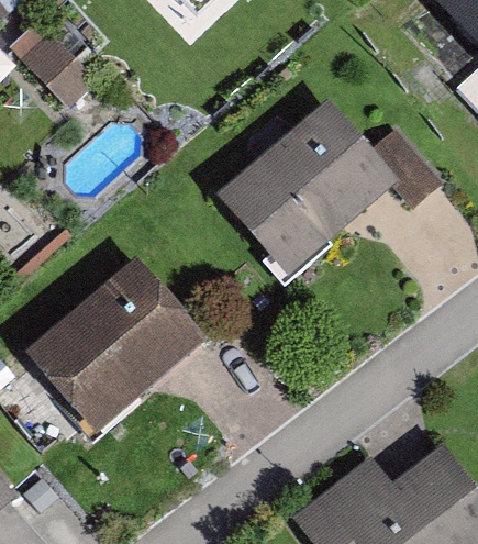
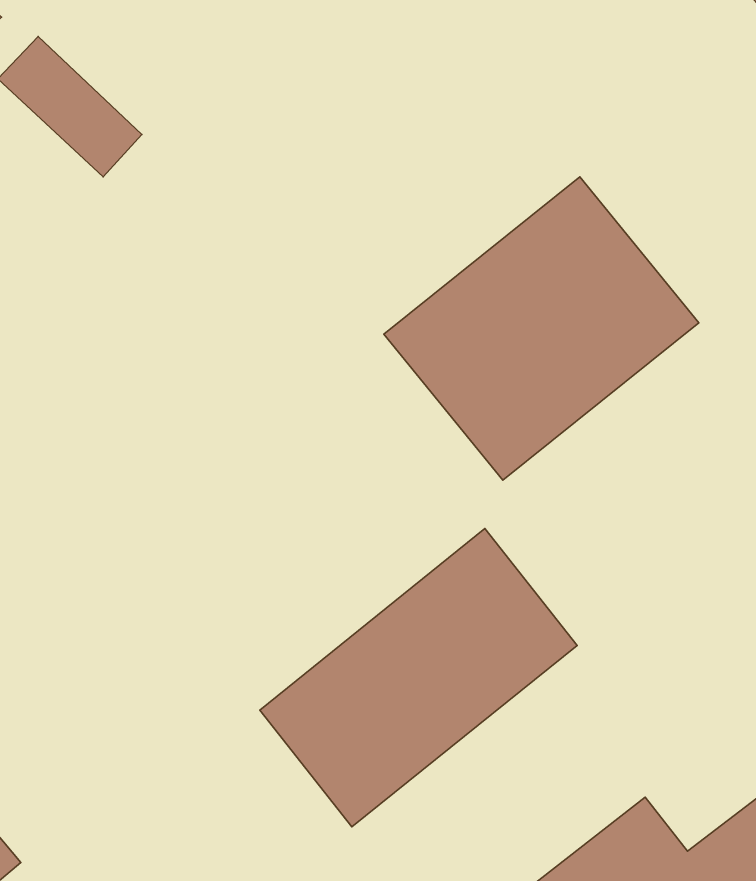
building: [34,258,203,422] -> none
building: none -> [260,528,577,827]

